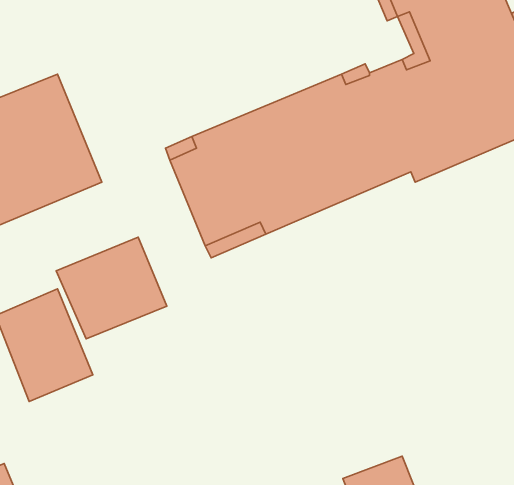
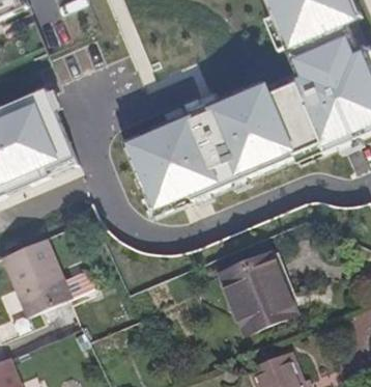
building: [56,237,167,339] -> none
building: none -> [215,252,290,333]

